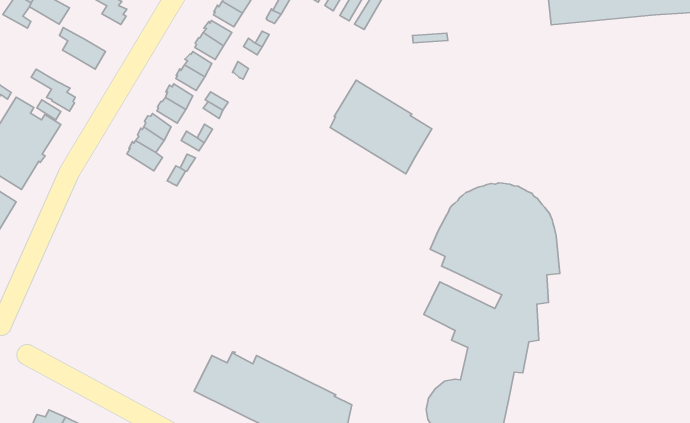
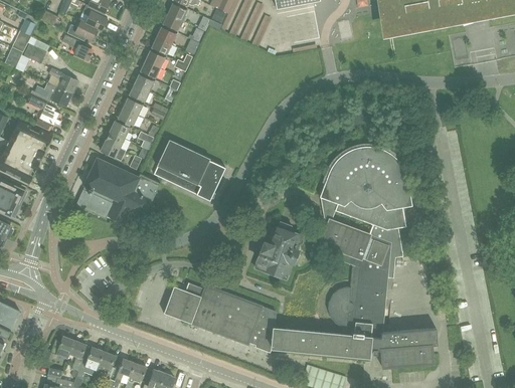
building: none -> [32,85,71,107]
building: [330,80,432,174] -> [153,139,224,201]
building: none -> [74,159,159,223]
building: none -> [253,221,302,279]

